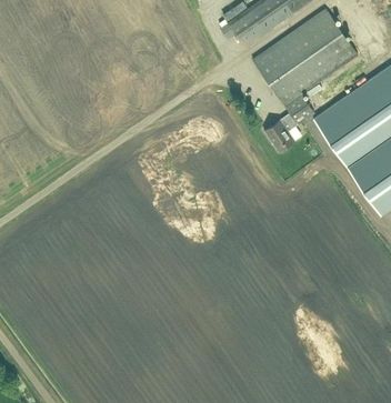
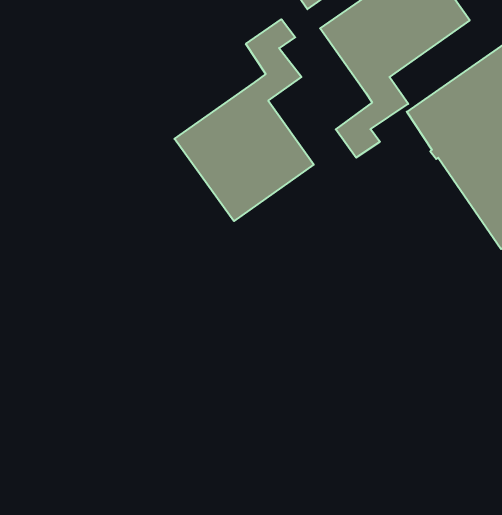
building: none -> [174,19,314,221]

